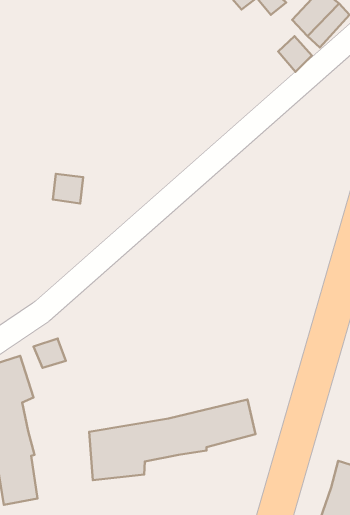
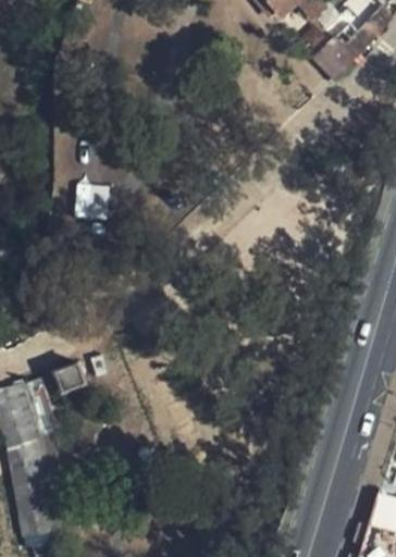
building: [89,399,256,480] -> none

